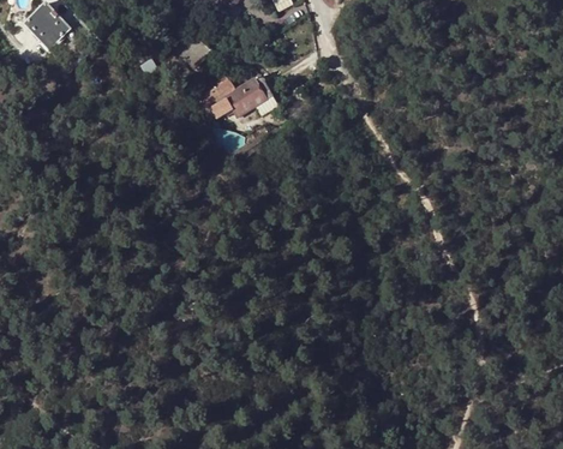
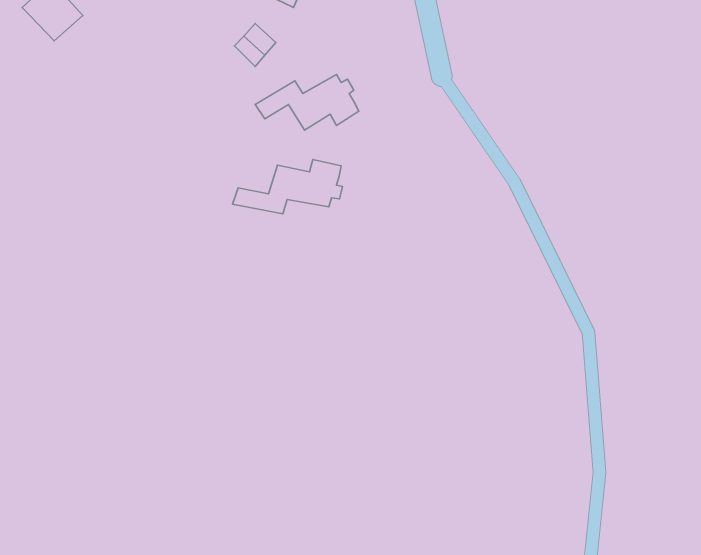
building: none -> [233,159,343,214]

